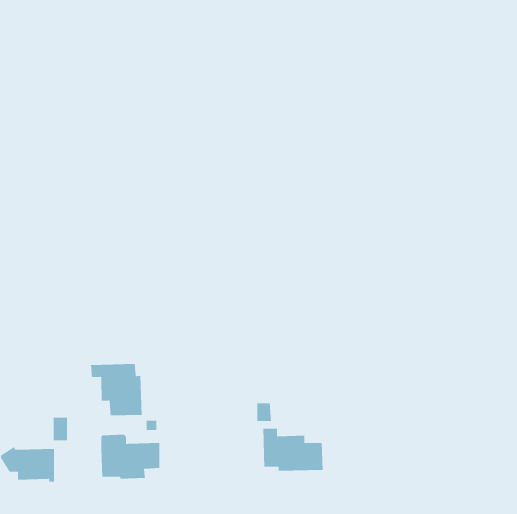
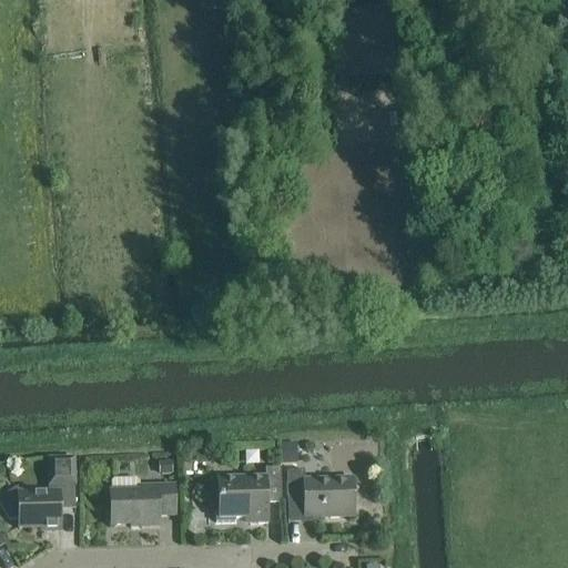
building: [90,363,142,416] -> none
building: none -> [217,465,283,521]

